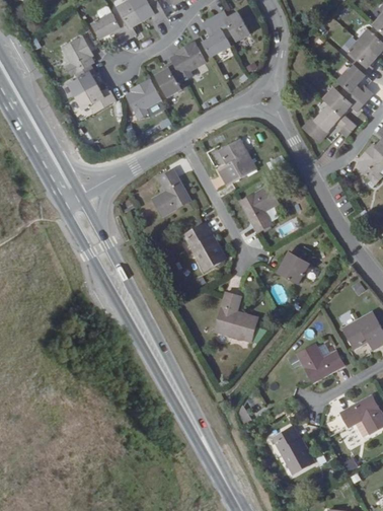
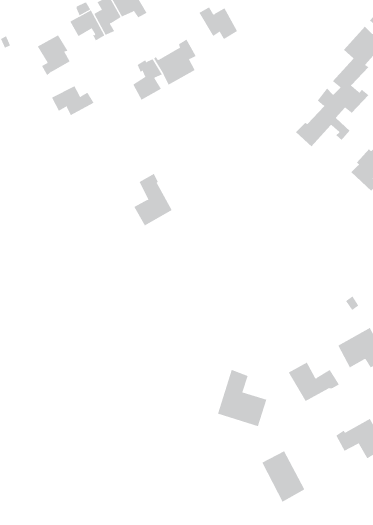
building: [202,16,230,57] -> none
building: [69,64,97,95] -> none
building: [125,78,160,117] -> none
building: [217,139,255,185] -> none
building: [240,185,278,235] -> none
building: [182,223,223,270] -> none
building: [279,253,311,286] -> none
building: [210,291,256,345] -> [217,369,267,427]

